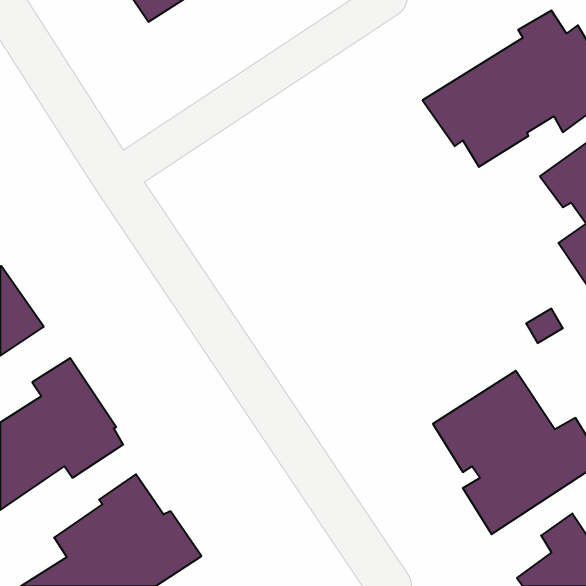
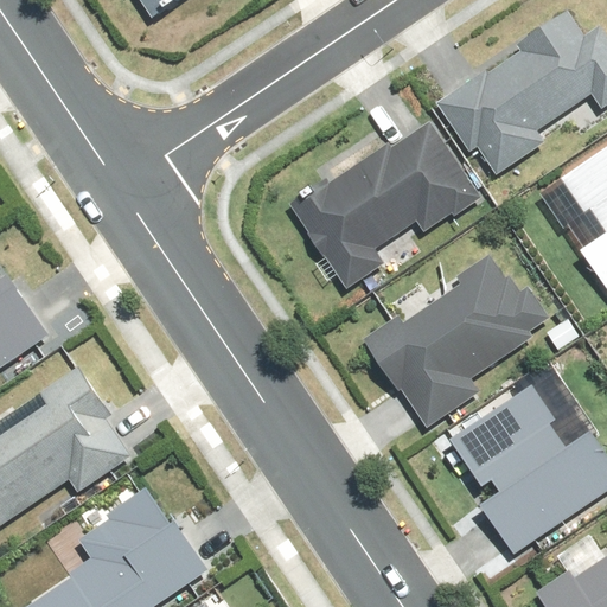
building: none -> [290,122,477,289]
building: none -> [362,254,552,433]

